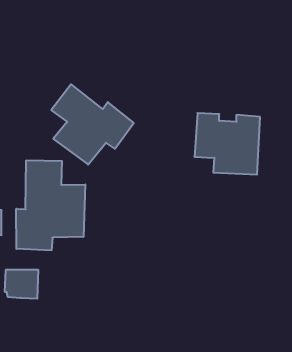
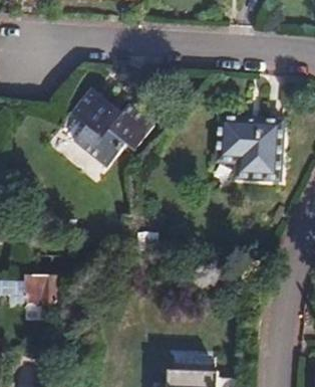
building: [16,160,85,250] -> none

